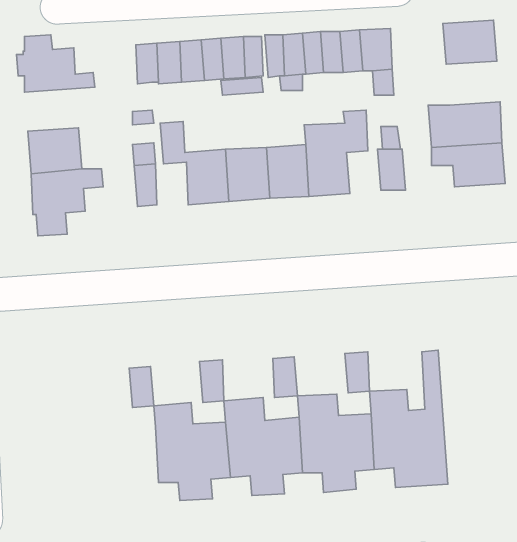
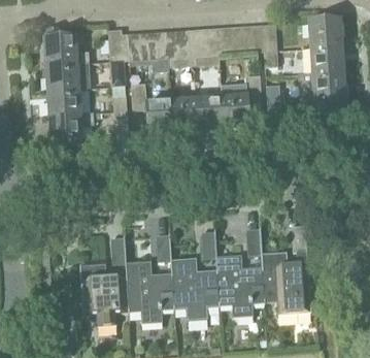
building: none -> [309,43,343,71]
building: none -> [43,60,89,88]
building: none -> [78,262,128,324]

